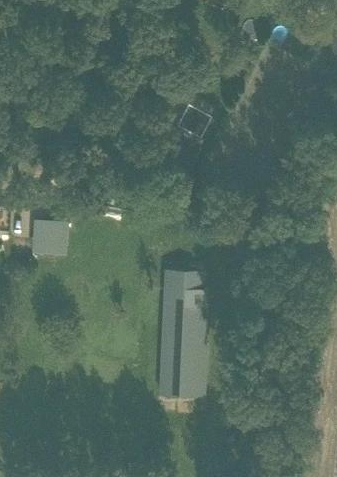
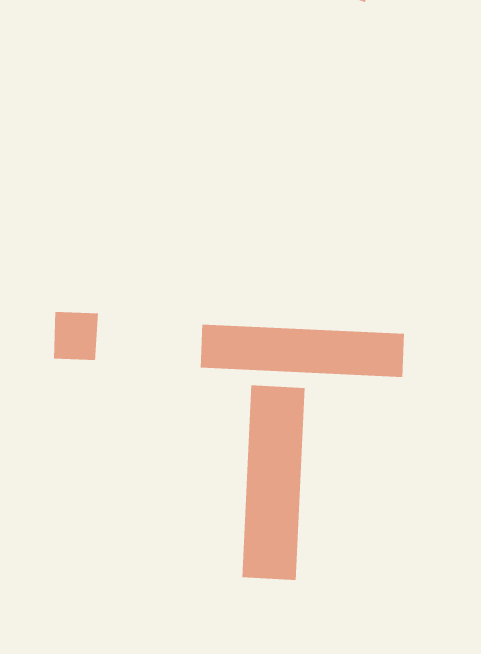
building: none -> [200,324,404,378]

